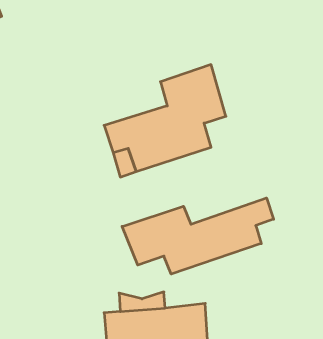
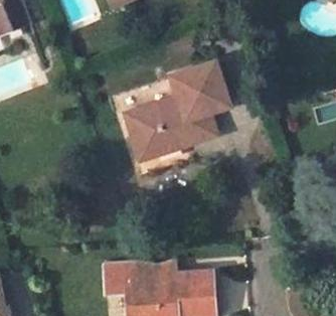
building: [122,198,274,274] -> none

